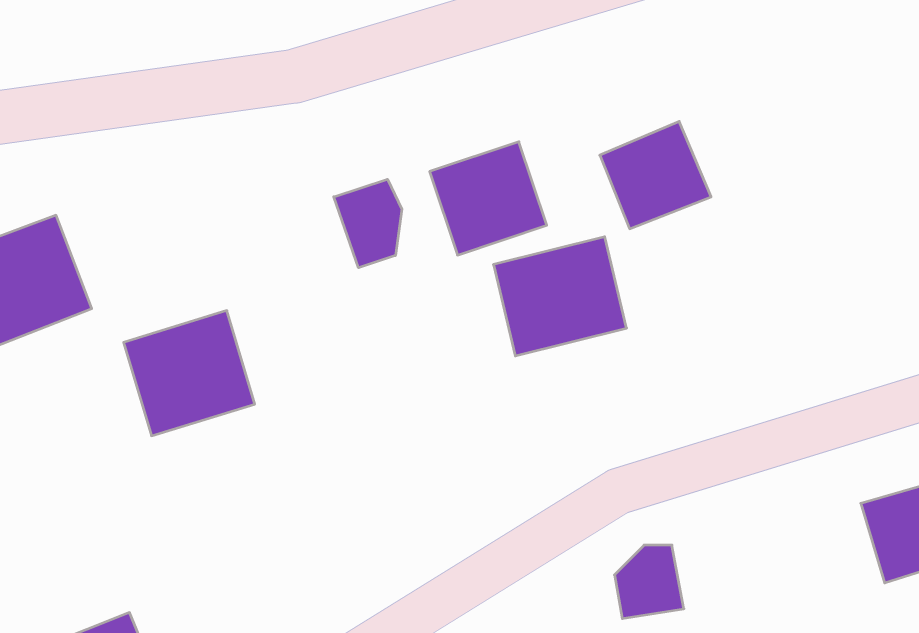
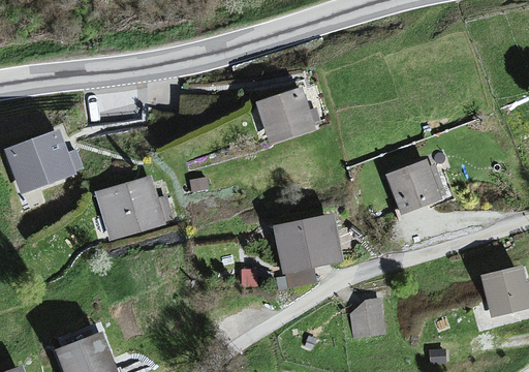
building: [600,121,711,229] -> [385,157,443,213]
building: [334,179,402,268] -> none
building: [493,237,627,356] -> [272,212,341,274]

